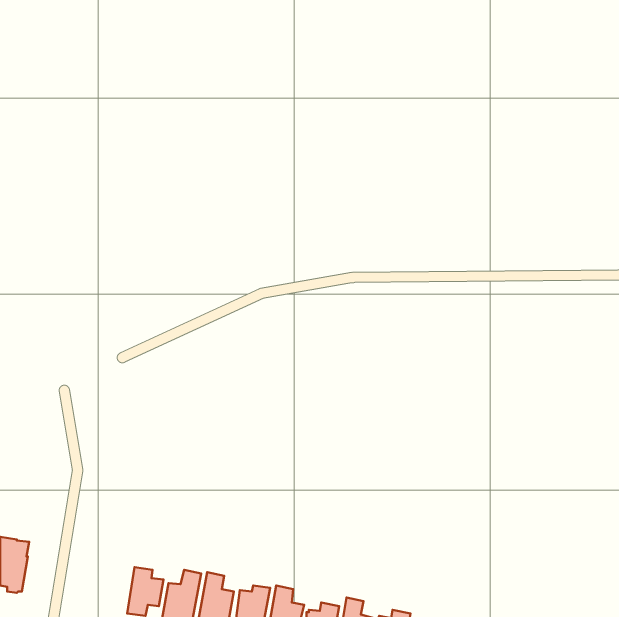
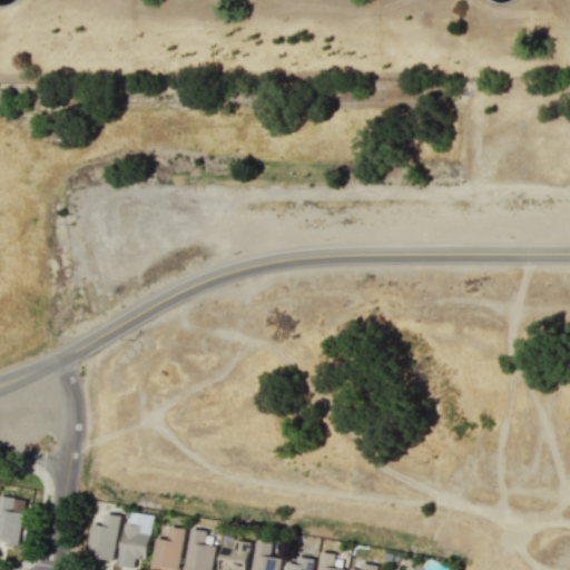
building: none -> [85,513,120,563]

